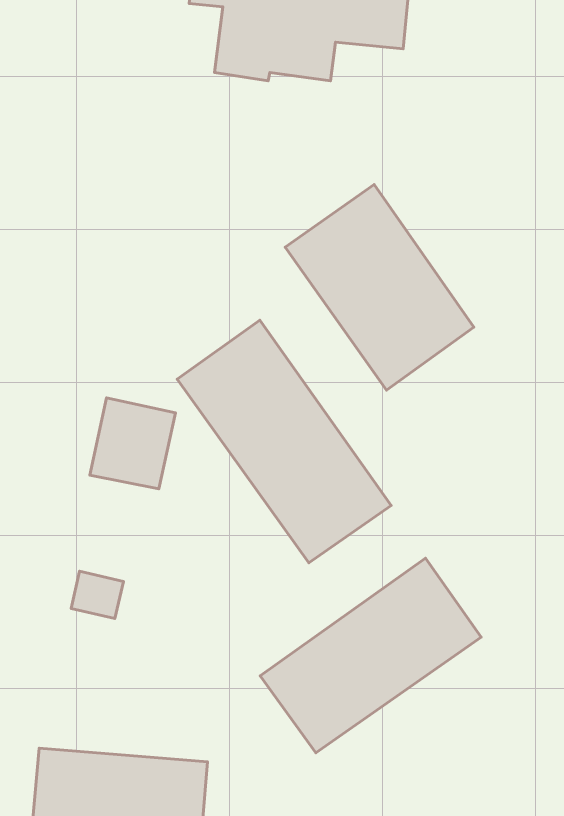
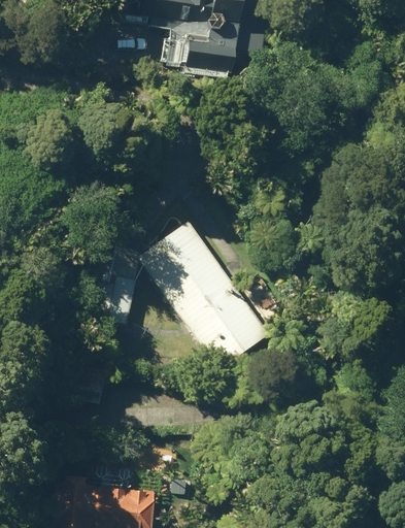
building: [285,185,474,390] -> none
building: [260,558,481,753] -> none

